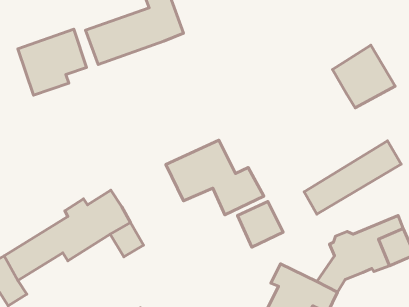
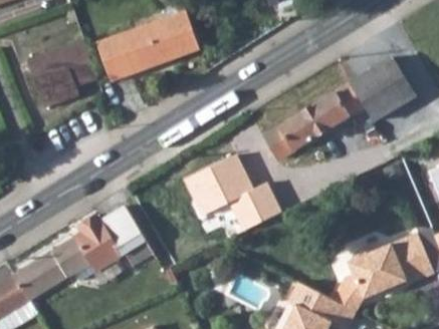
building: [304,141,401,214] -> [265,83,365,158]
building: [238,201,283,247] -> none

